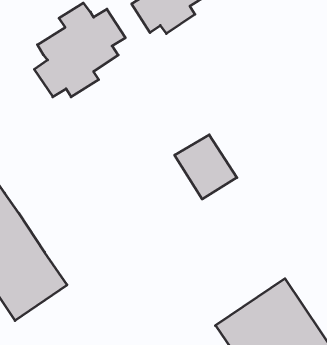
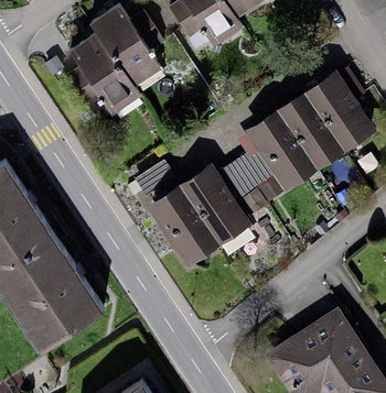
building: none -> [247,73,375,189]
building: none -> [148,165,249,264]

